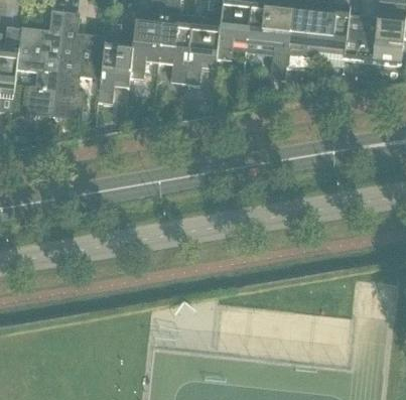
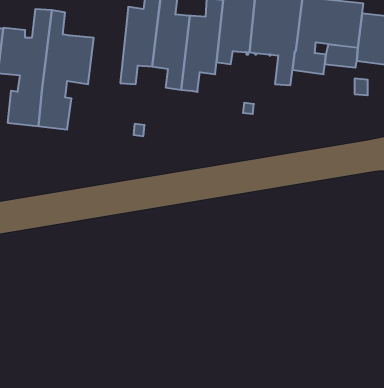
building: [98,19,135,105] -> none

